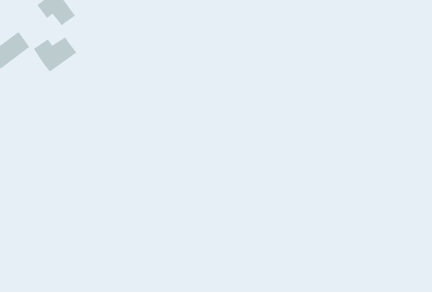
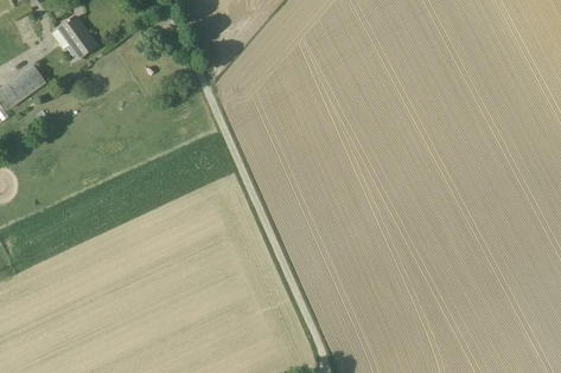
building: [33,37,77,73] -> none

